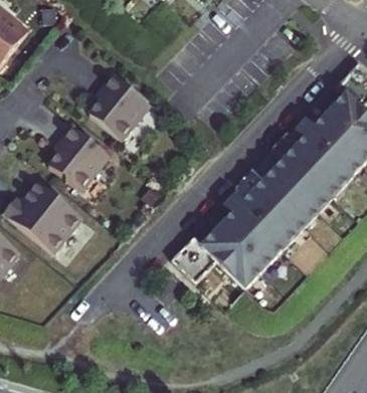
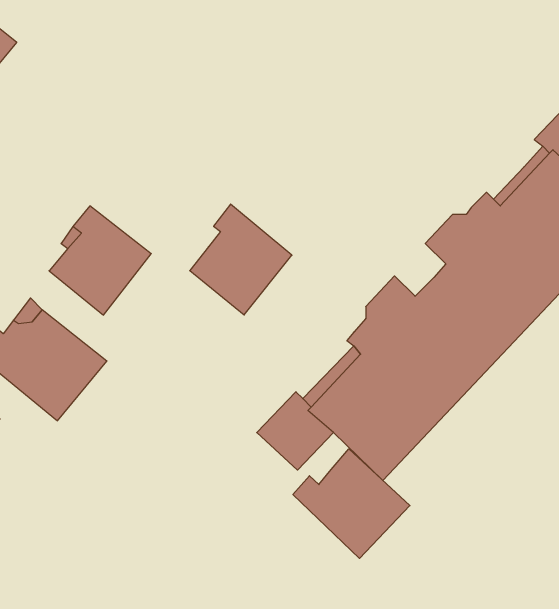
building: [89,73,150,139] -> [190,204,292,315]
building: none -> [293,449,410,558]

